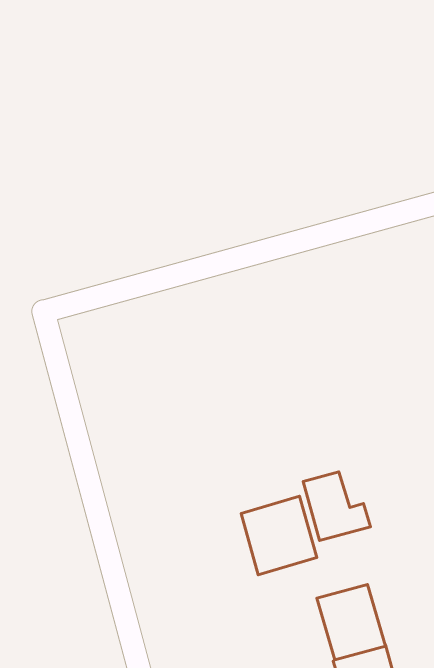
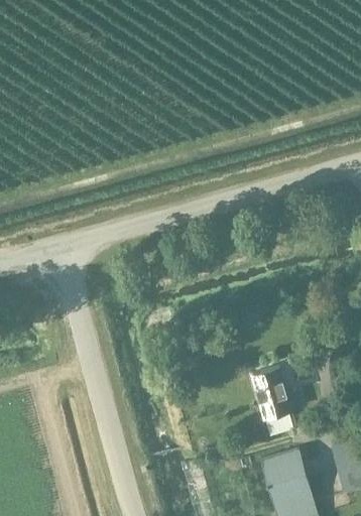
building: [241,496,317,575] -> none

